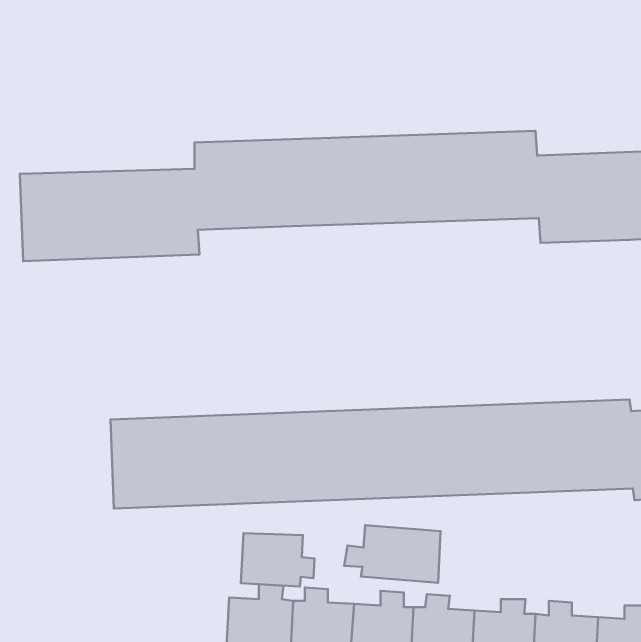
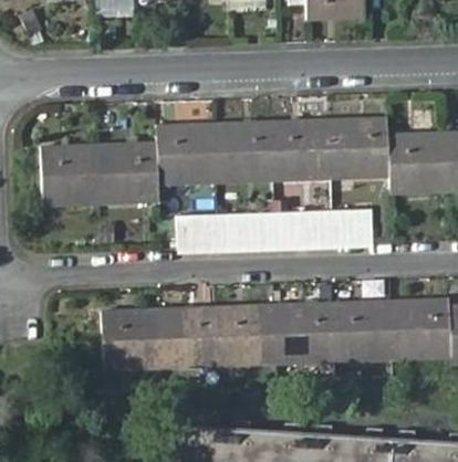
building: none -> [175,208,372,250]
building: [344,525,440,583] -> none
building: [241,533,314,586] -> none

